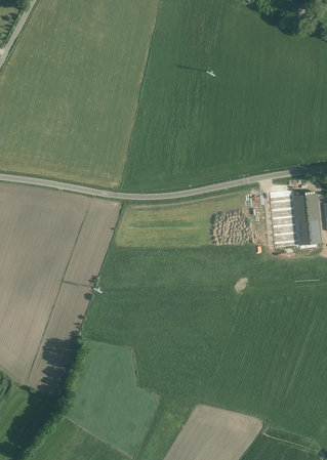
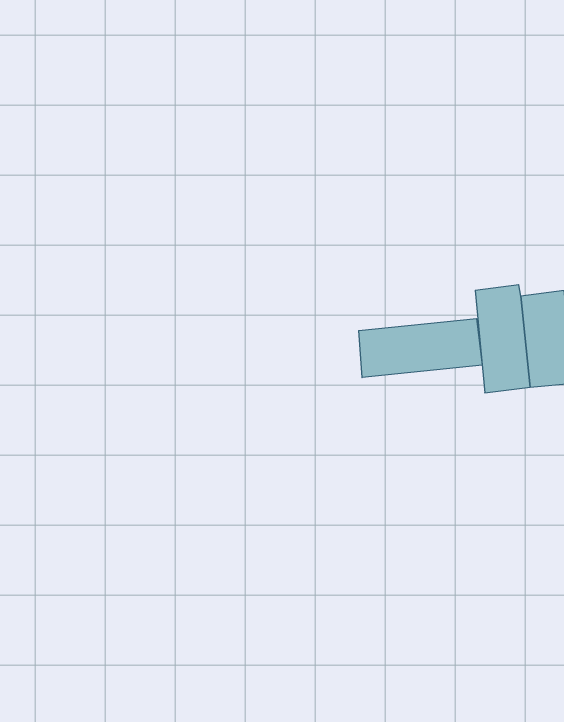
building: none -> [359,319,482,378]

